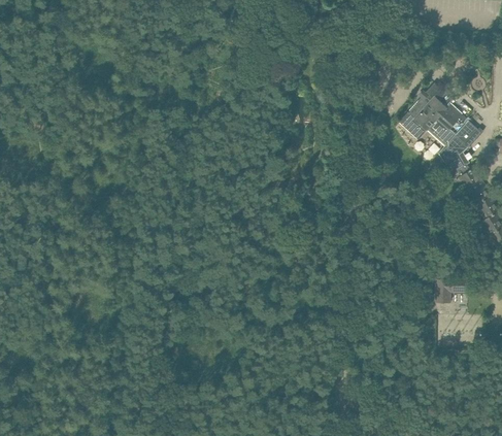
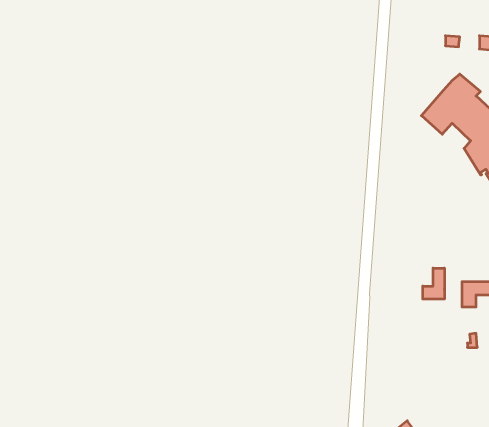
building: none -> [423,268,444,299]

